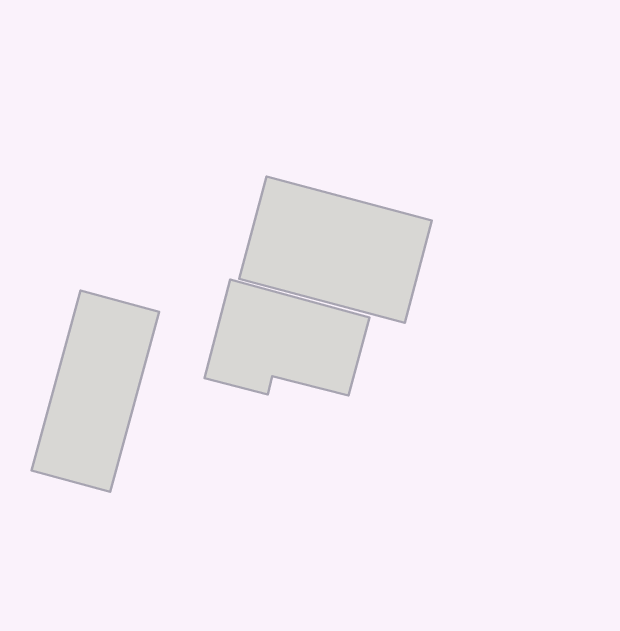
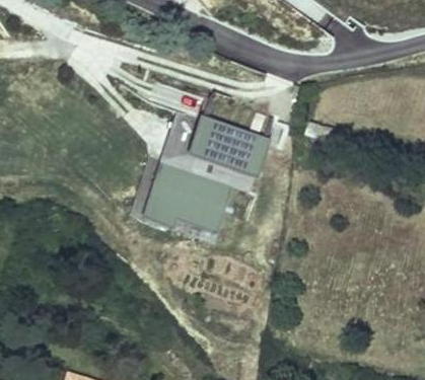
building: [32,291,159,492] -> none

